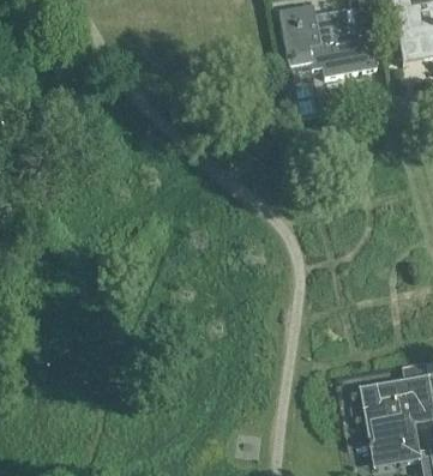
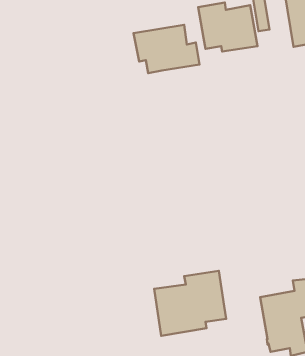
building: none -> [134,25,200,73]
building: none -> [154,271,226,336]

